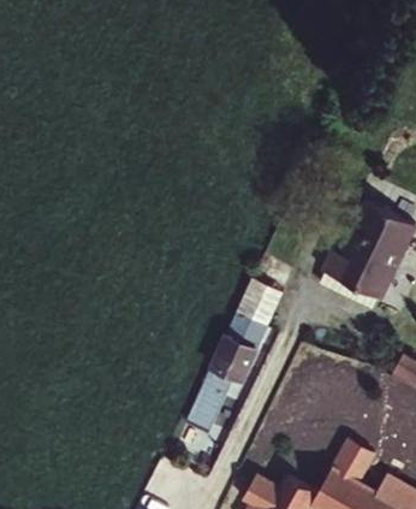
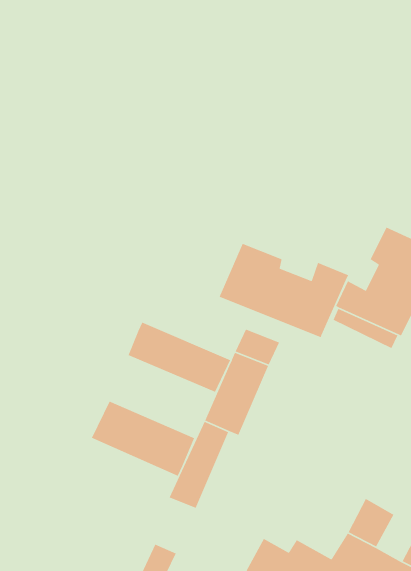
building: none -> [218,243,349,338]
building: none -> [127,321,231,393]
building: none -> [91,400,195,477]

